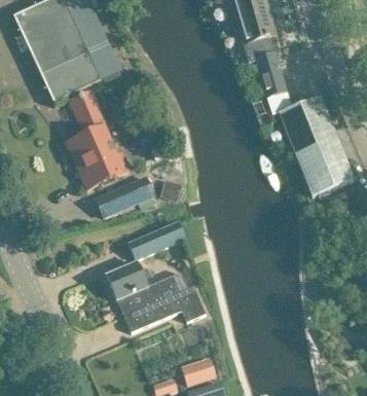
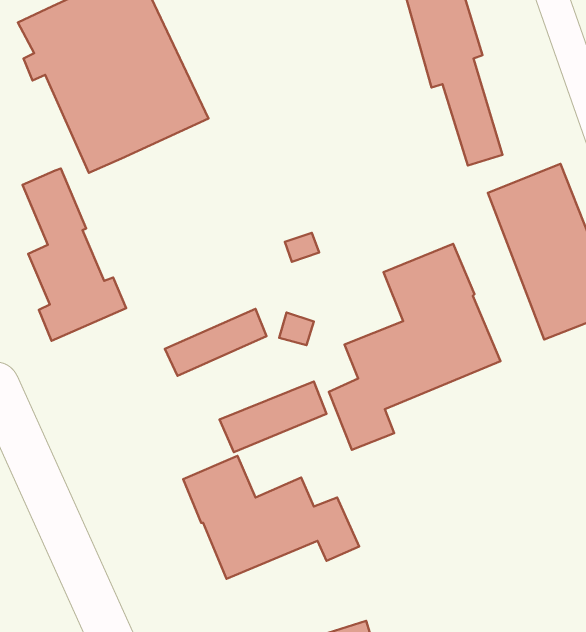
building: [71,91,130,188] -> [23,169,126,341]
building: none -> [329,244,500,450]

